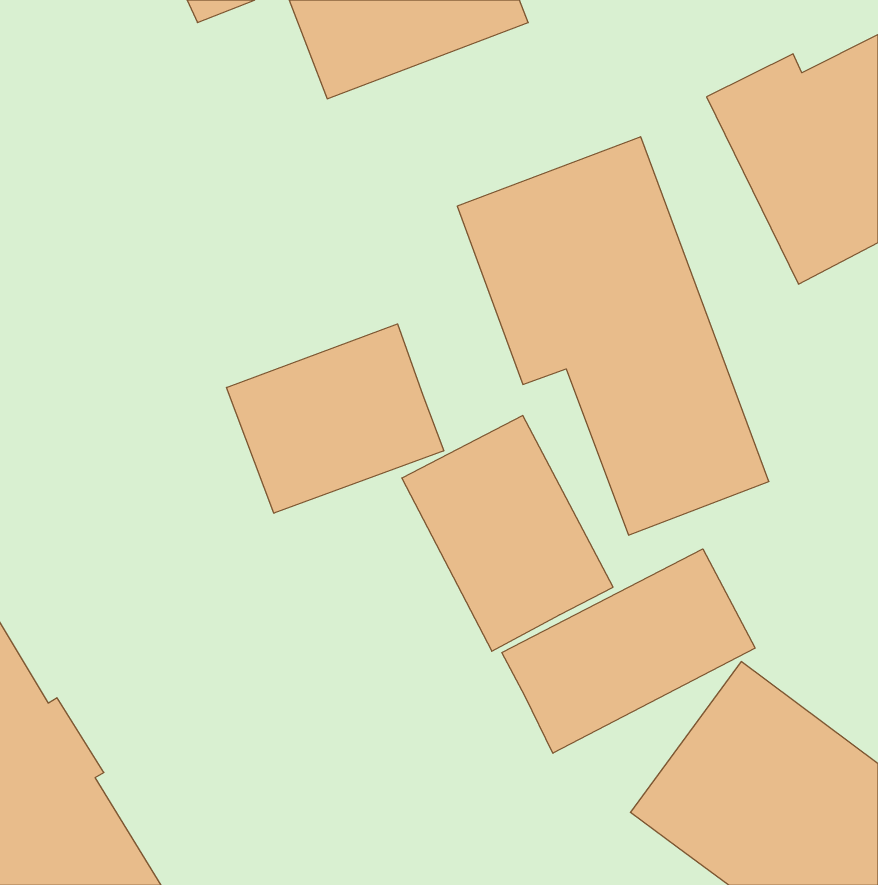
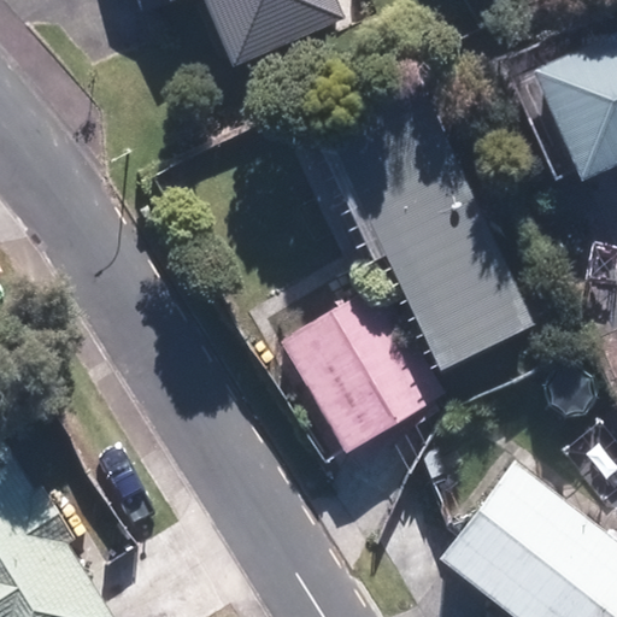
building: [227,324,444,513] -> none
building: [502,549,755,753] -> none

